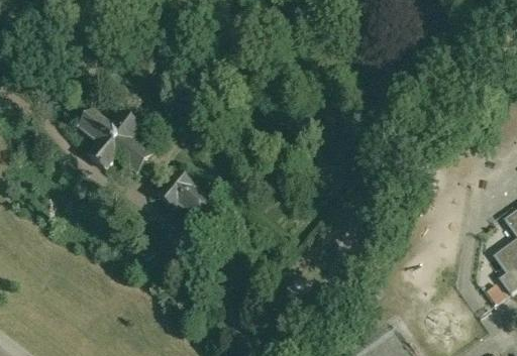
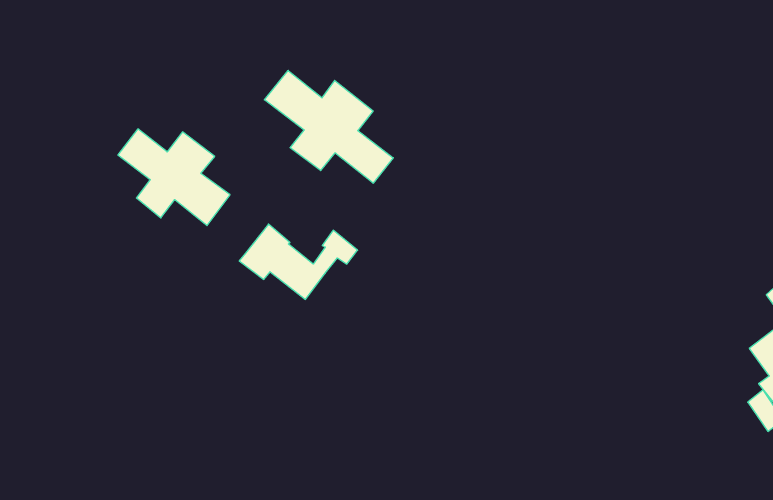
building: none -> [264,70,393,183]

